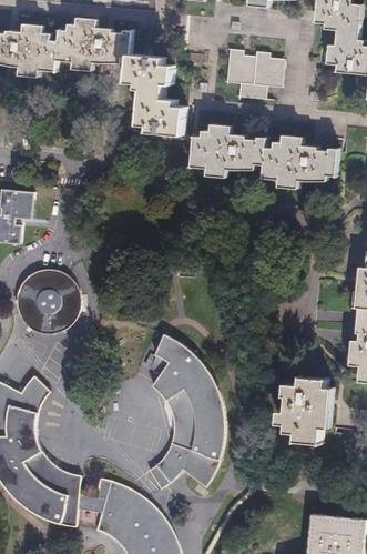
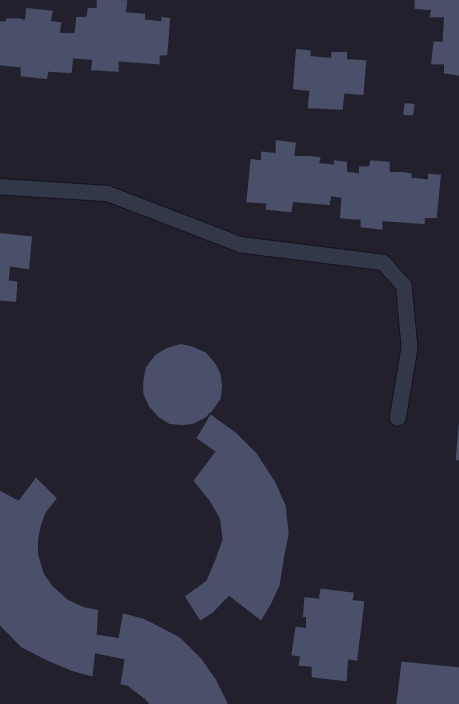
building: [130,48,188,133] -> none
building: [16,272,77,334] -> [142,344,223,426]
building: [281,375,337,446] -> [290,588,365,682]

